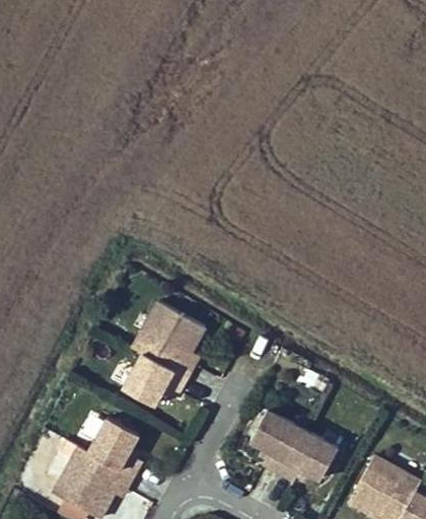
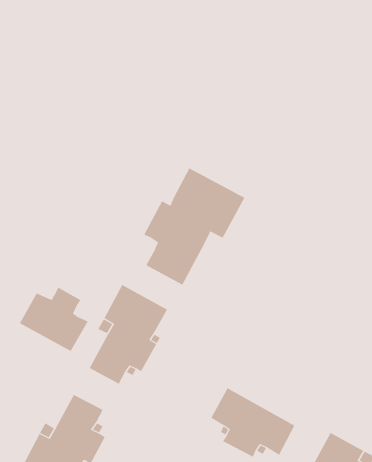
building: none -> [144,168,245,285]
building: none -> [19,287,88,352]

